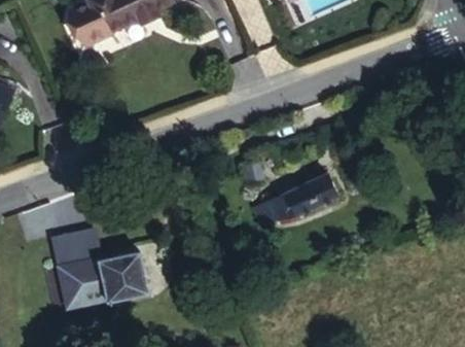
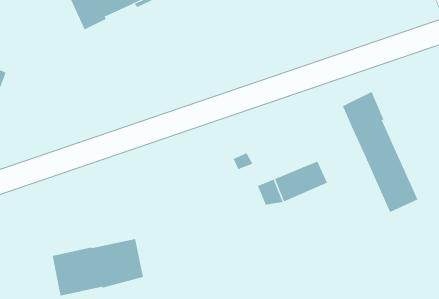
building: none -> [342,91,418,213]
building: [48,237,96,274] -> none

